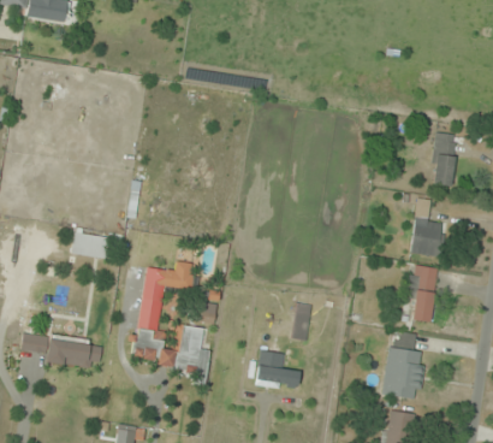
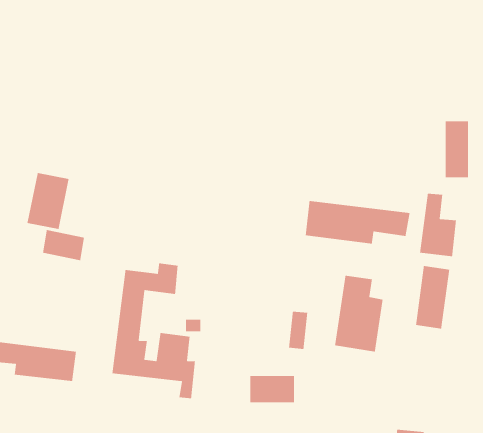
building: none -> [26,172,70,230]
building: none -> [305,200,411,244]
building: [381,331,426,401] -> [334,275,384,353]

